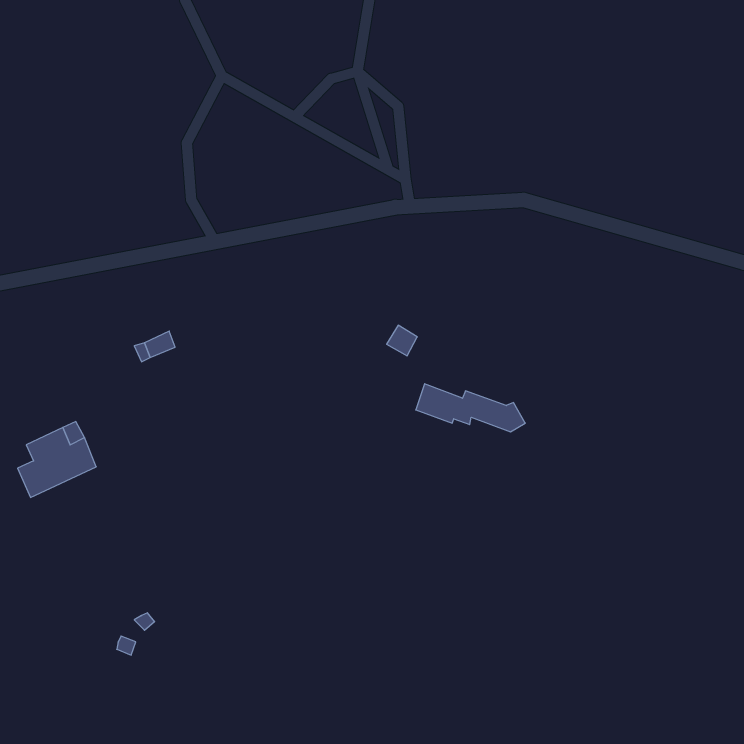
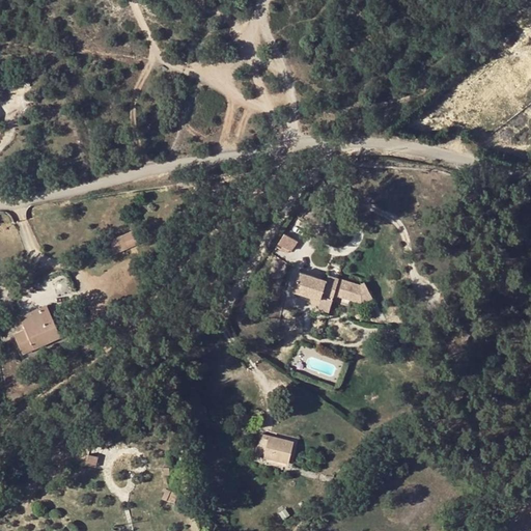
building: none -> [254,436,292,464]

